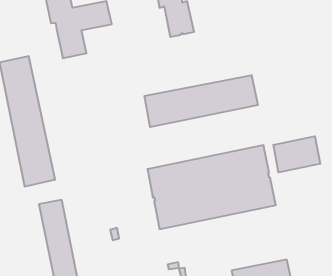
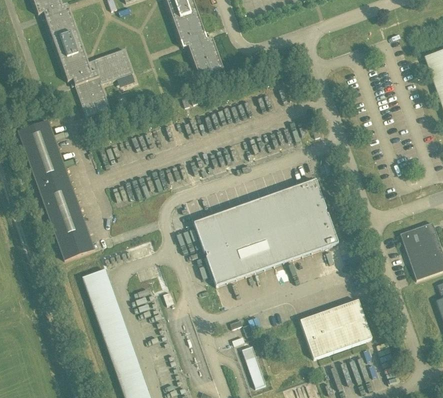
building: [144,75,258,127] -> none
building: [273,136,320,172] -> none

